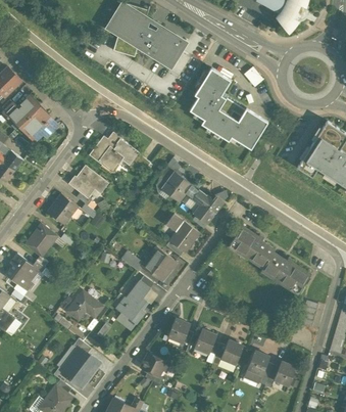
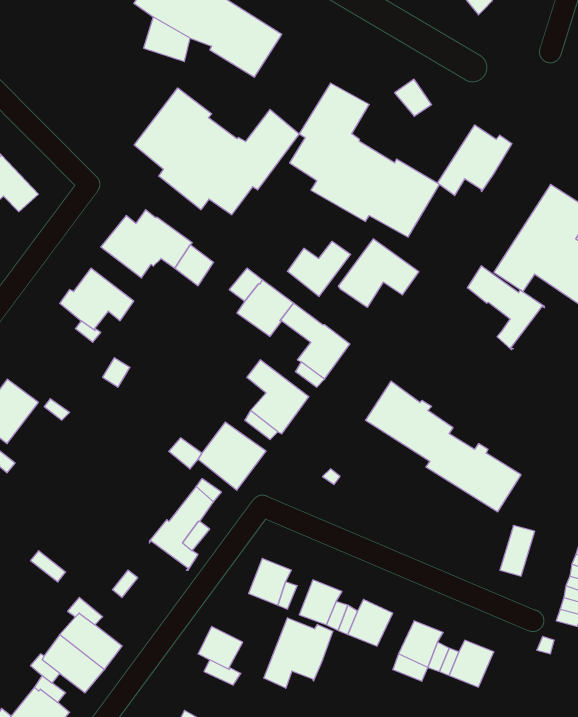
building: none -> [134,88,299,215]
building: none -> [438,125,512,196]
building: none -> [338,239,419,307]
building: none -> [287,241,351,297]
building: none -> [467,266,544,350]
building: [47,193,77,225] -> none
building: [67,291,102,319] -> none
building: none -> [264,618,333,688]

